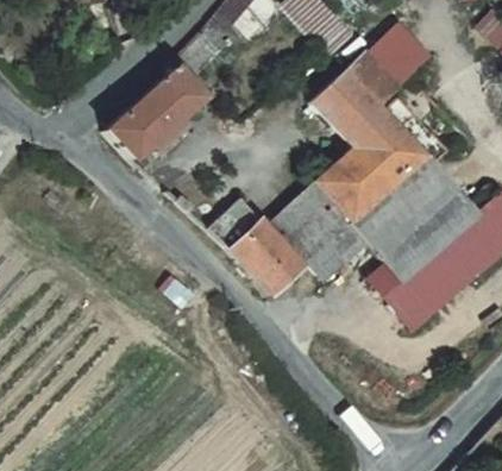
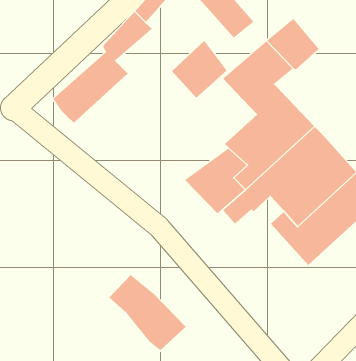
building: none -> [171,40,228,98]
building: [213,201,308,295] -> [108,274,186,351]

